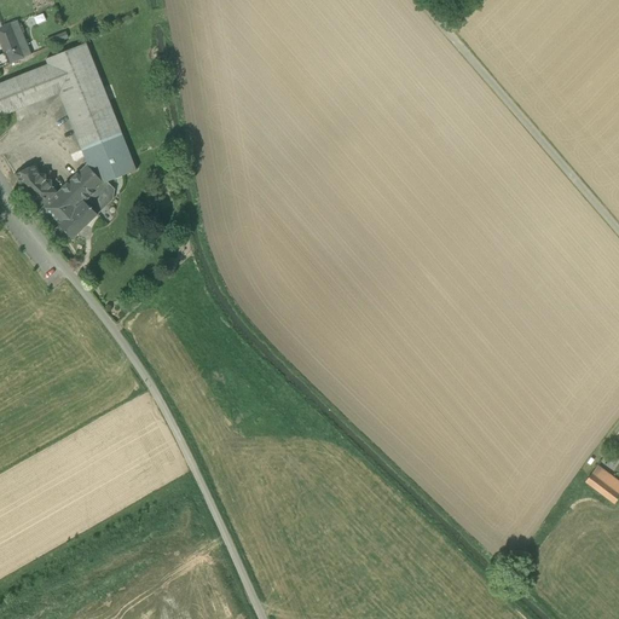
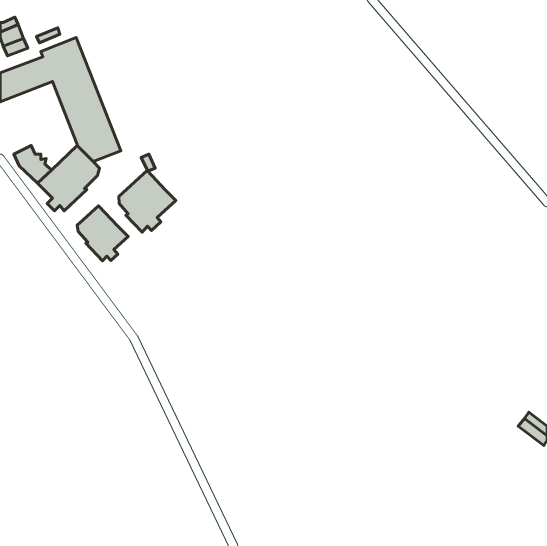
building: none -> [119,171,176,232]
building: none -> [77,206,128,261]

